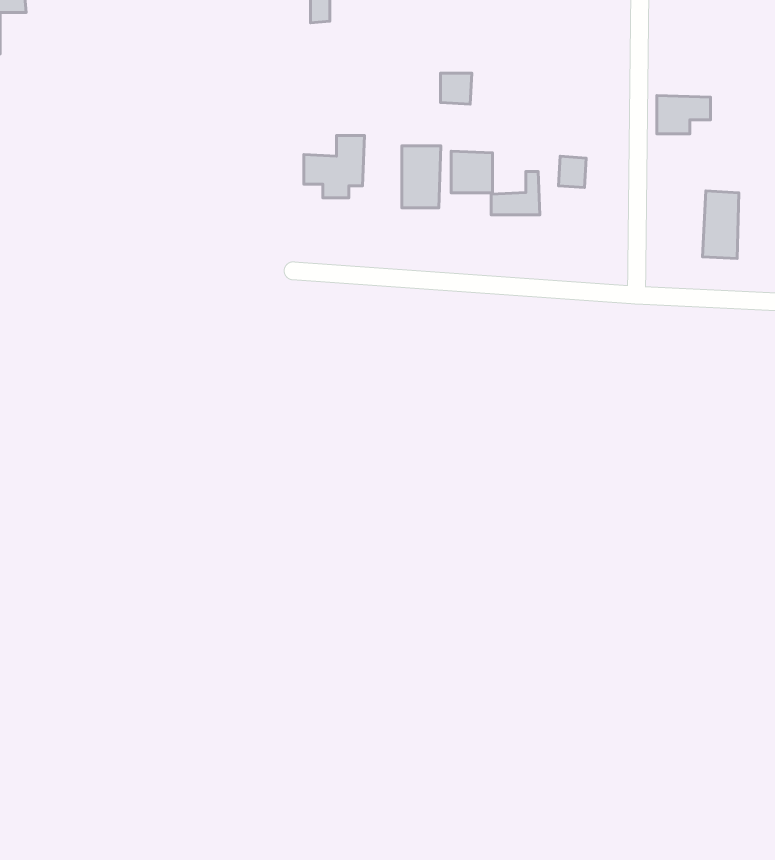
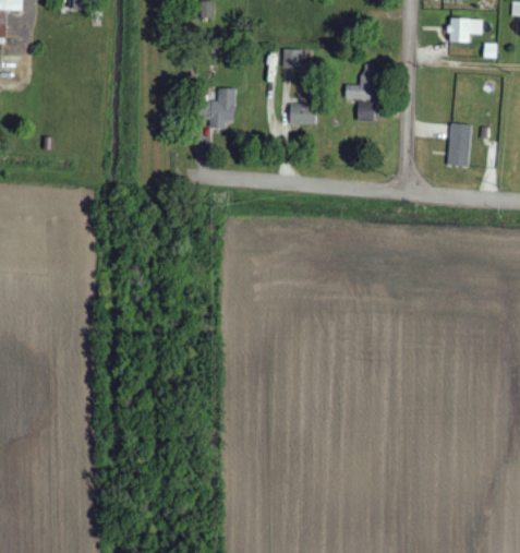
building: [657,96,711,134] -> [449,19,483,43]
building: [402,146,441,208] -> none
building: [491,172,540,215] -> [346,71,376,98]

